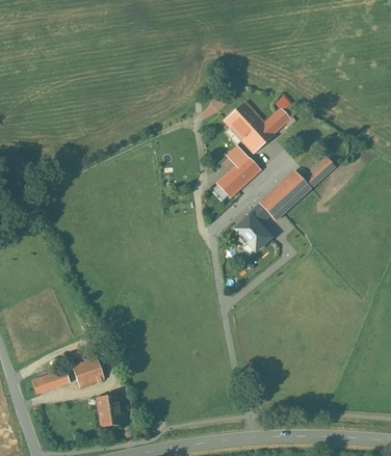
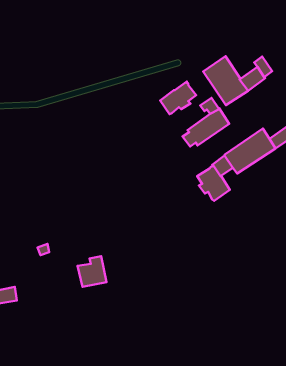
building: none -> [160,82,196,114]
building: [71,352,103,386] -> [77,256,106,287]
building: [95,394,122,427] -> none

